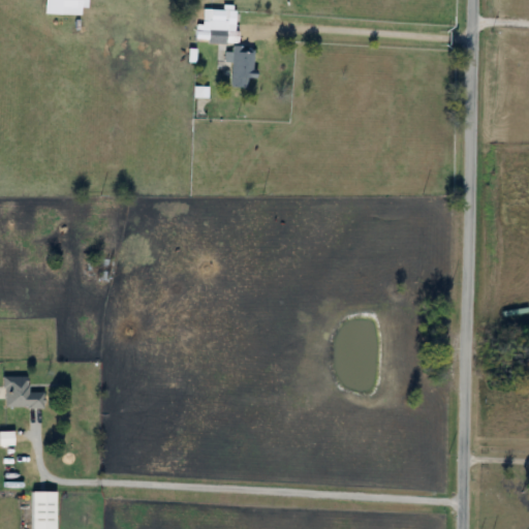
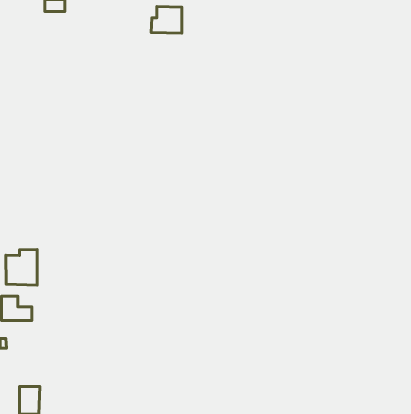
building: [230,48,253,88] -> none
building: none -> [6,249,37,285]

